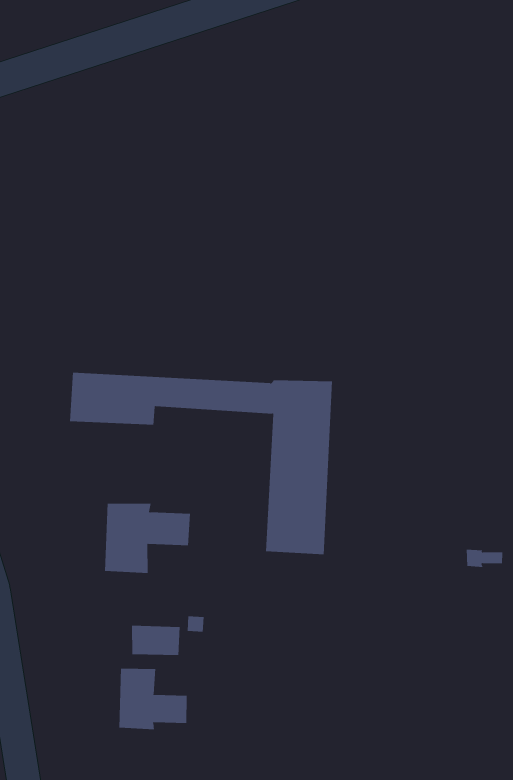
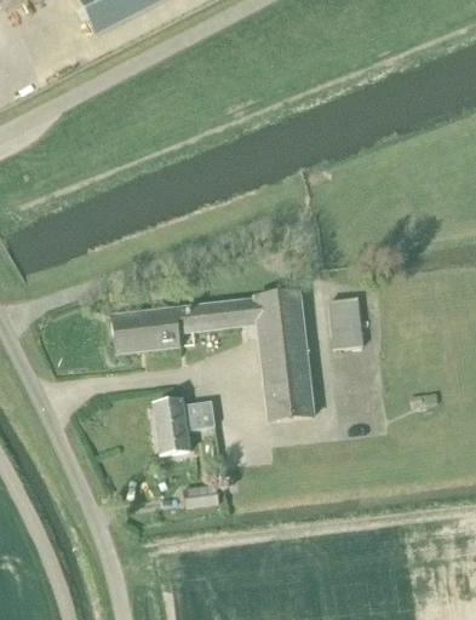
building: none -> [329,297,365,348]
building: [119,668,187,730] -> none

